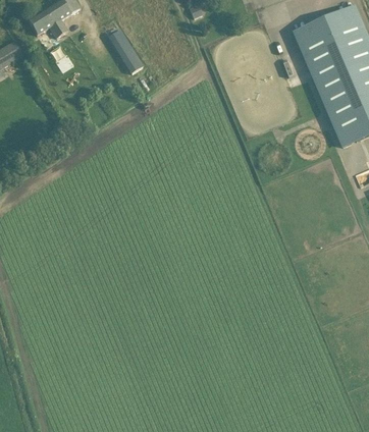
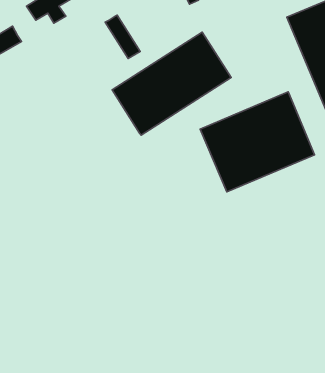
building: none -> [112,32,231,135]
building: none -> [200,92,315,192]

